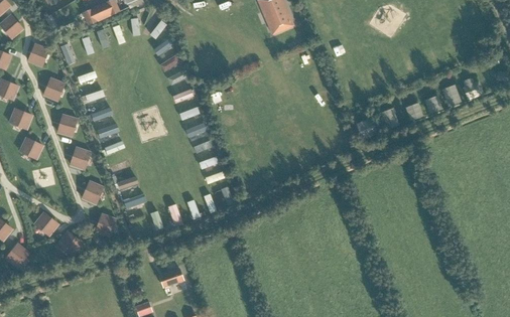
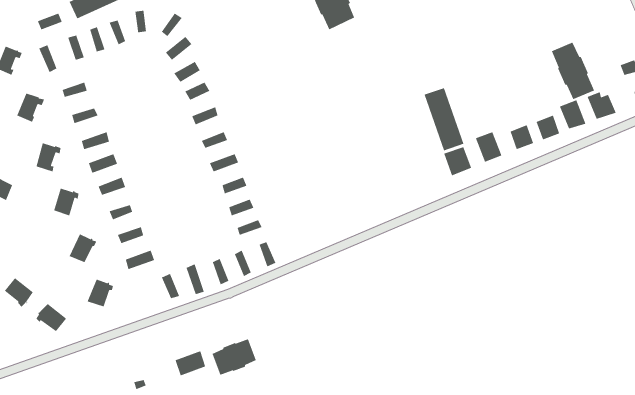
building: none -> [551,42,595,100]
building: none -> [423,87,465,151]
building: none -> [212,338,257,376]

